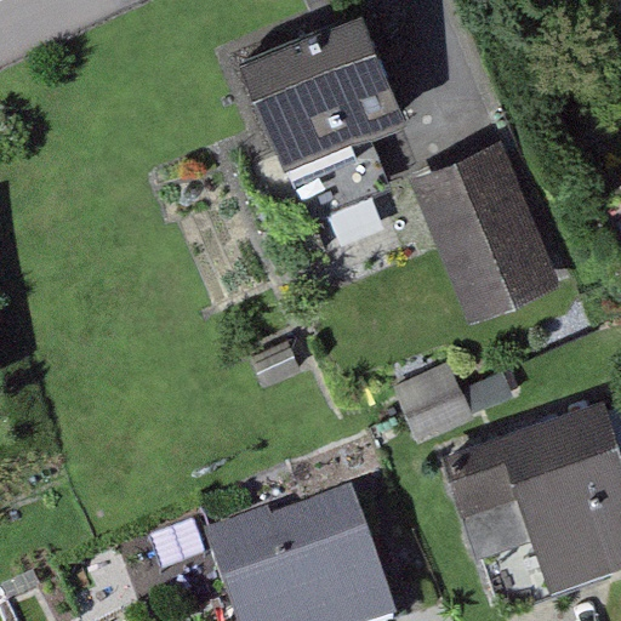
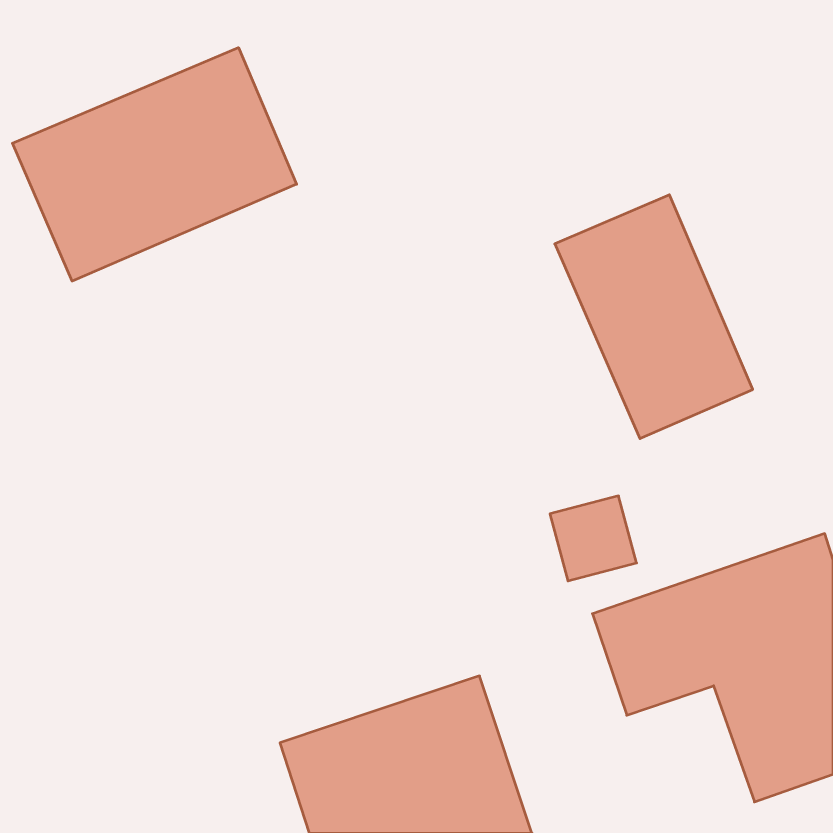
building: [238,13,414,176] -> none
building: none -> [12,48,297,281]

